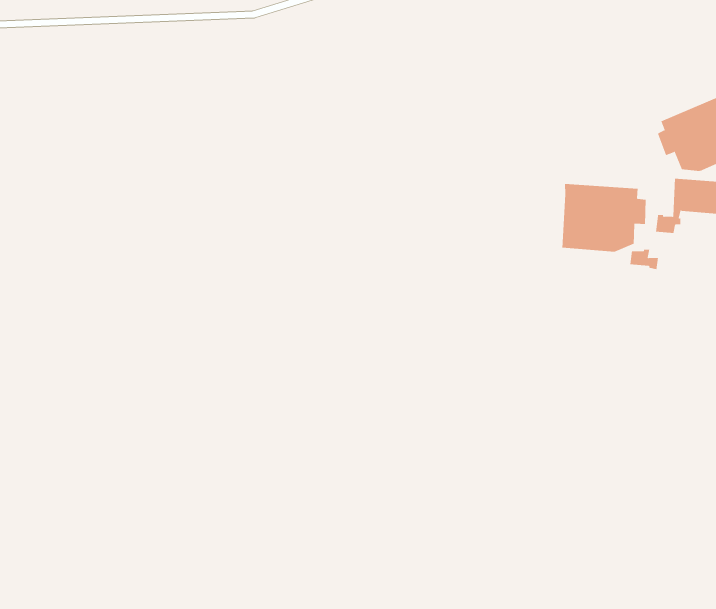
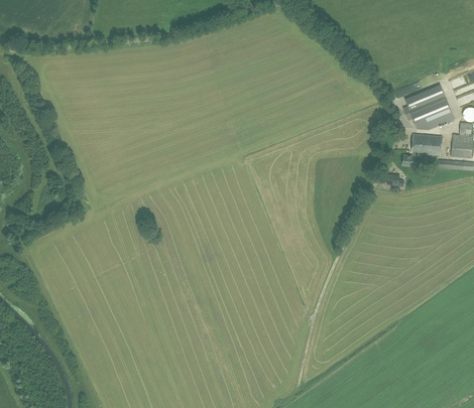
building: [562,183,646,252] -> none

